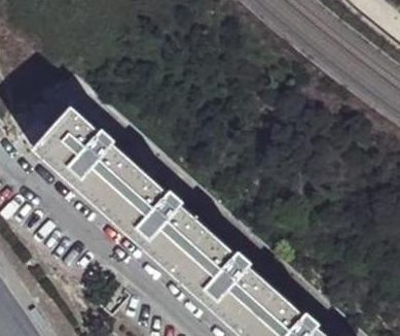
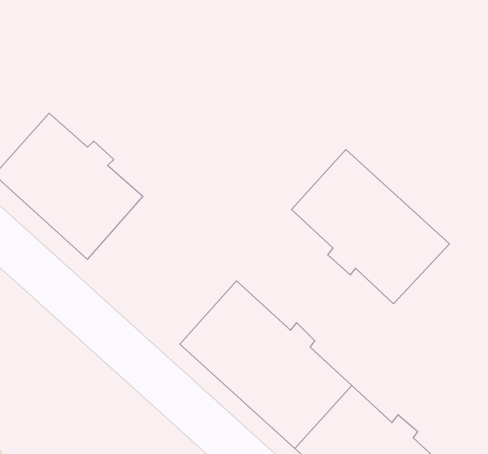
building: none -> [291,150,449,304]
building: [96,162,195,261] -> none

